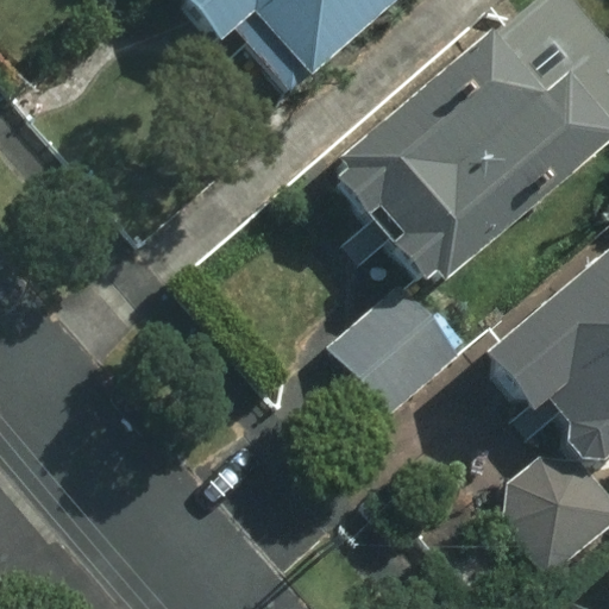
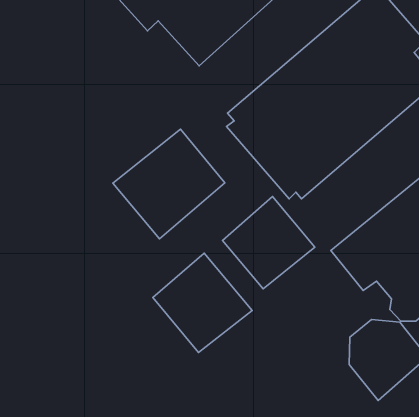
building: none -> [113,129,225,239]
building: none -> [153,253,252,353]

